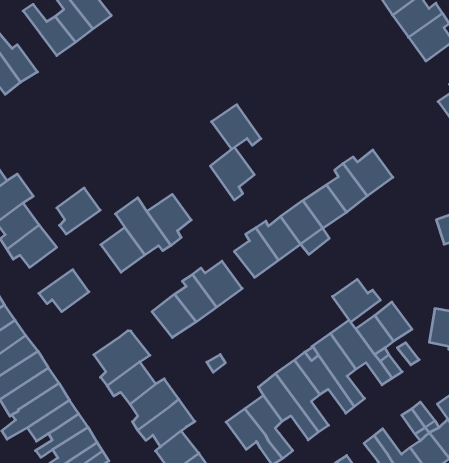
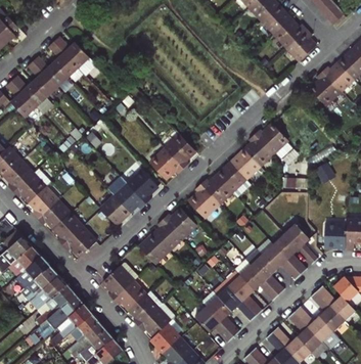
building: none -> [26,61,56,100]
building: [211,105,261,149] -> [150,148,184,178]
building: [57,188,100,234] -> [55,214,84,245]
building: [332,279,380,322] -> none

